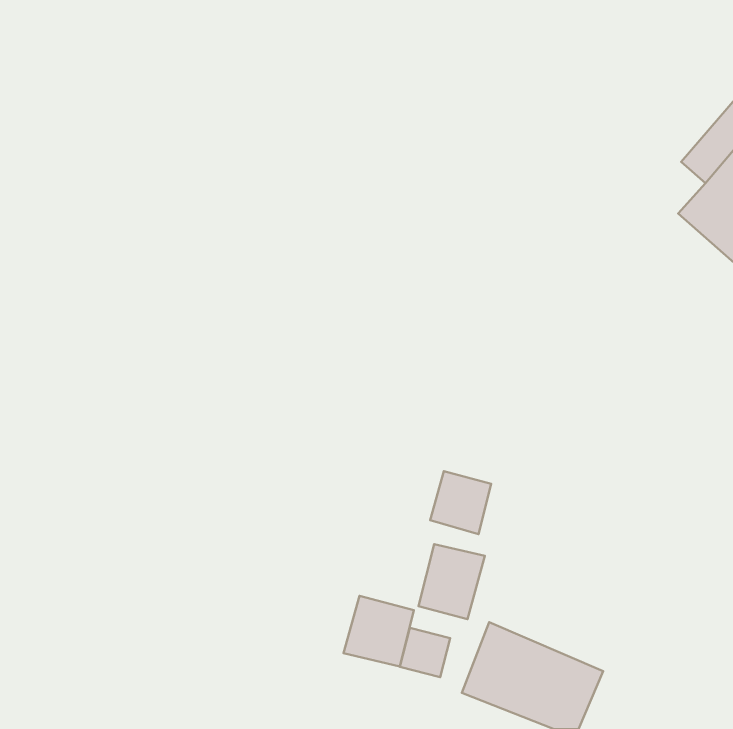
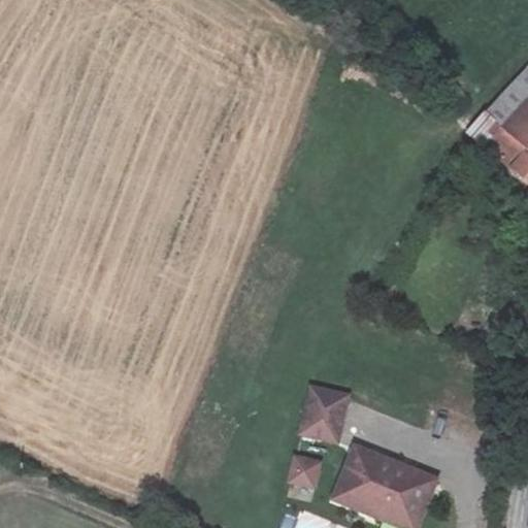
building: [430,471,491,534] -> none
building: [344,596,414,667] -> none

